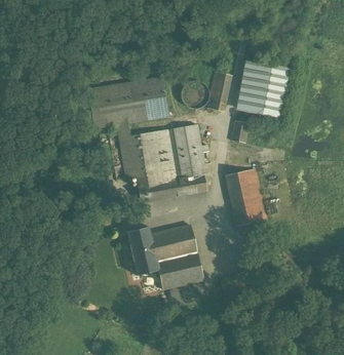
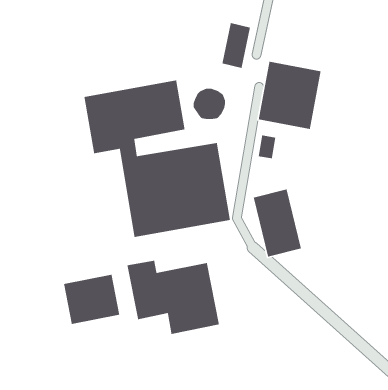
building: [206,71,231,110] -> [221,22,251,69]
building: none -> [63,274,120,325]

